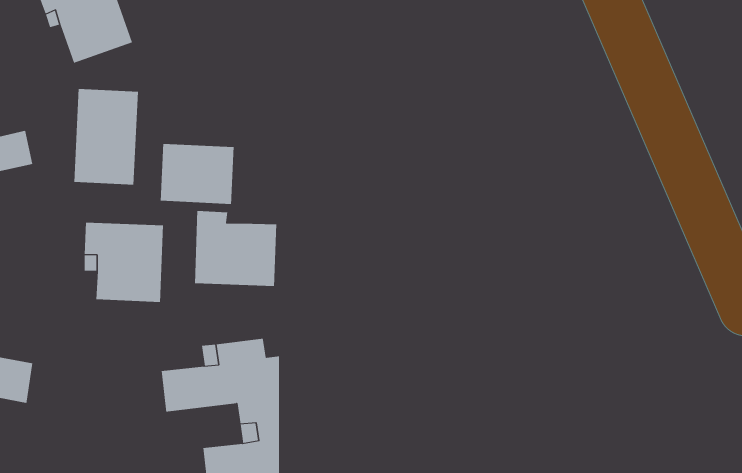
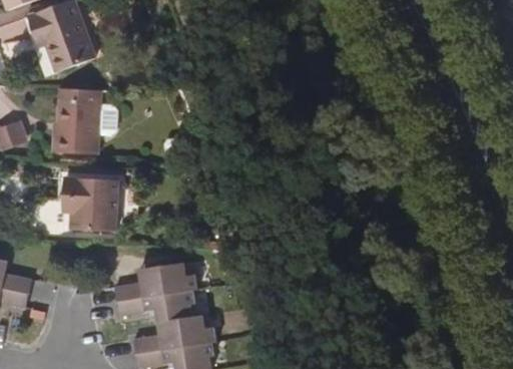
building: [160,143,234,205] -> none
building: [195,210,277,287] -> none

